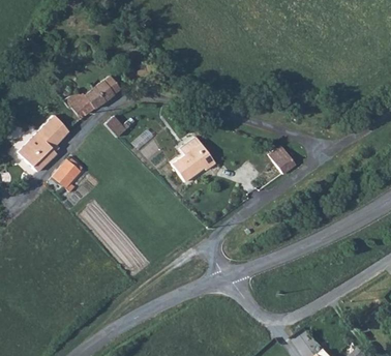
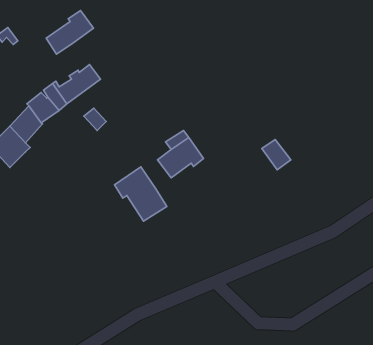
building: none -> [46,10,93,54]
building: [49,158,79,190] -> none
building: none -> [115,167,167,221]

